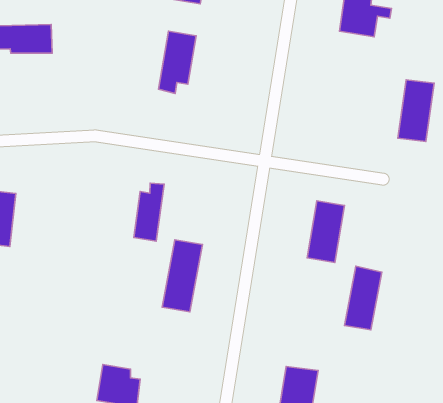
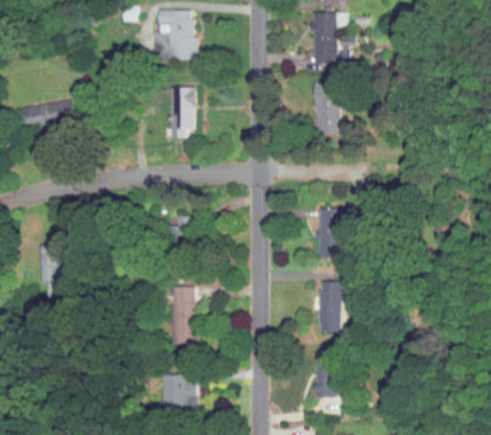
building: [398,80,434,142] -> [313,82,338,133]
building: [162,240,203,312] -> [170,286,195,344]
building: [344,266,382,330] -> [317,281,341,333]

